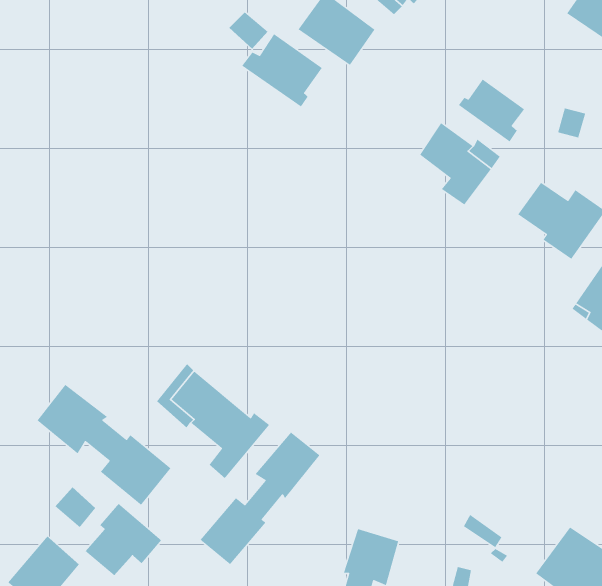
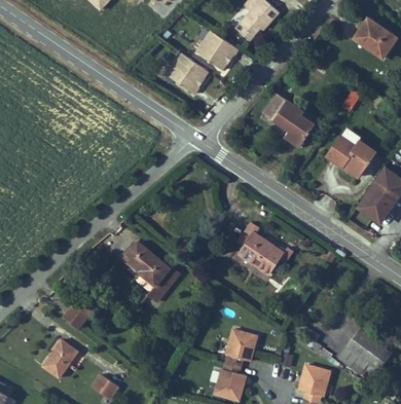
building: [458,79,525,143] -> none
building: none -> [241,219,300,276]
building: [36,384,172,506] -> none
building: [200,431,320,565] -> none
building: [84,503,162,576] -> none

